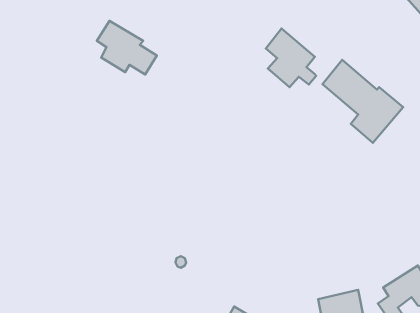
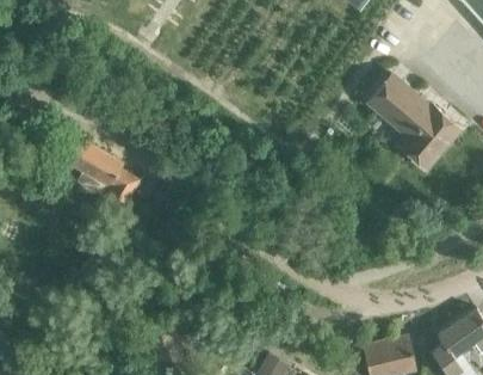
building: [97,21,157,74] -> [70,140,138,201]
building: [266,28,316,87] -> none

